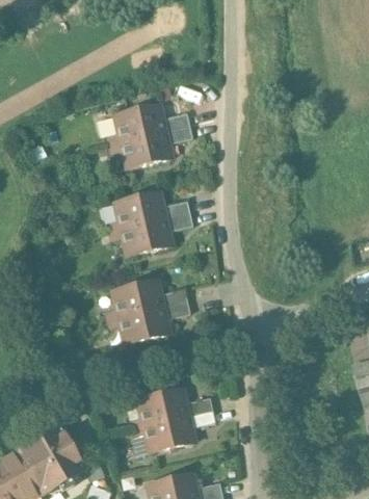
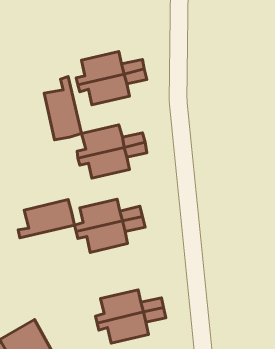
building: none -> [44,76,81,140]
building: none -> [18,199,75,238]

